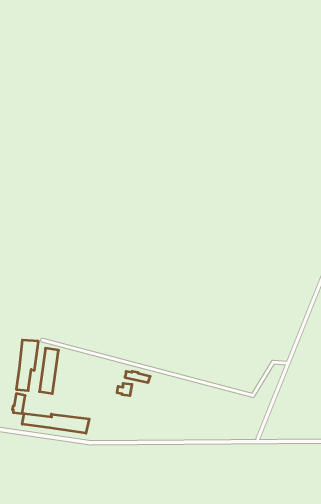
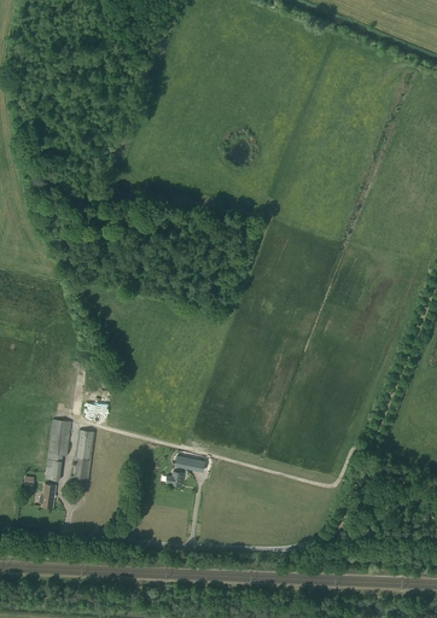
building: [22,414,89,433] -> none

